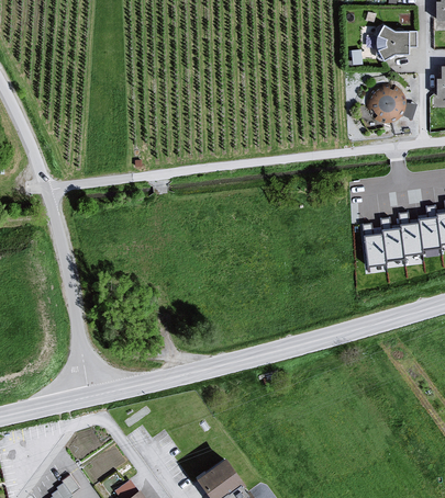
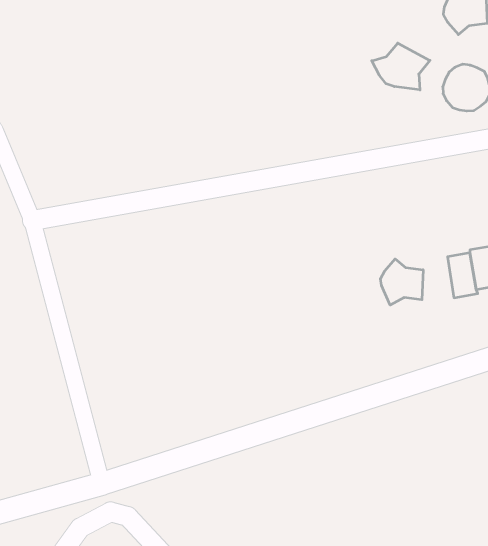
building: none -> [372,43,430,90]
building: none -> [380,259,423,305]

